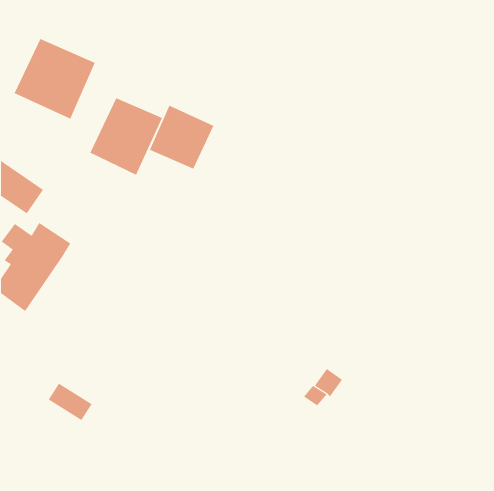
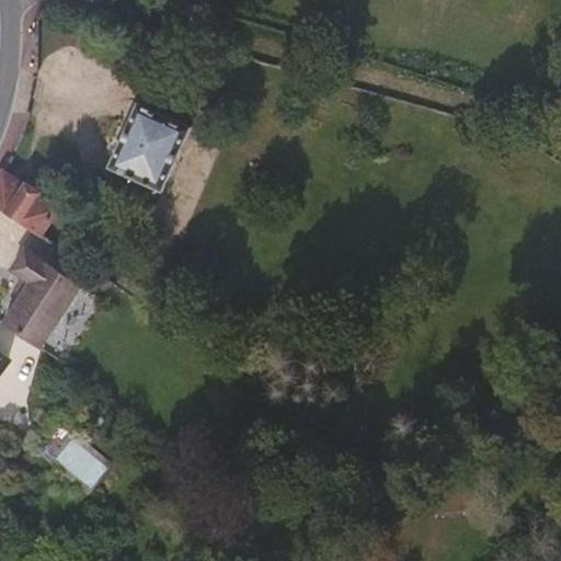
building: [14,38,96,119] -> none
building: [149,105,214,169] -> none

